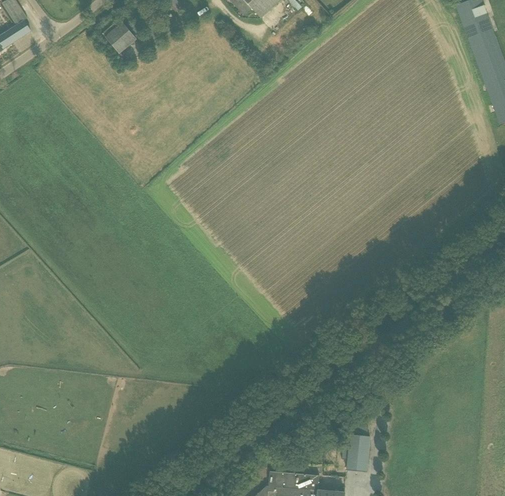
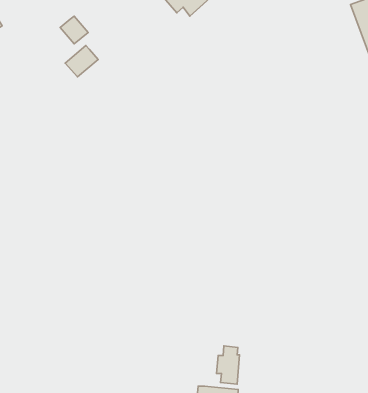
building: none -> [65,46,98,77]
building: [343,426,371,473] -> [217,346,239,384]

